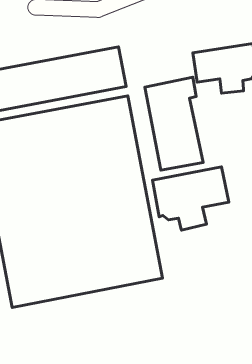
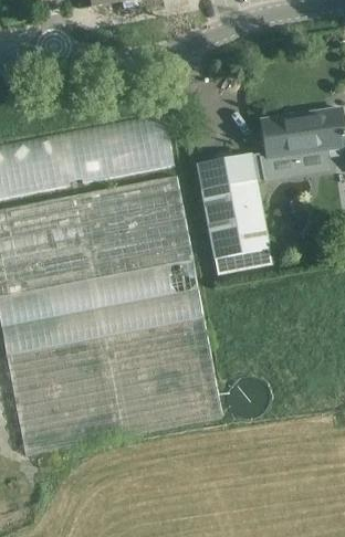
building: [152,167,229,230] -> none

